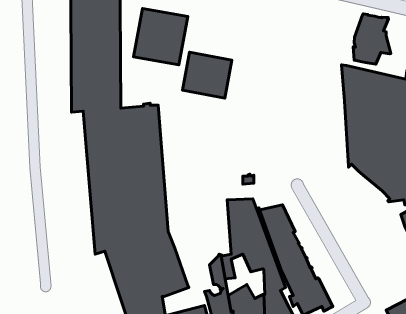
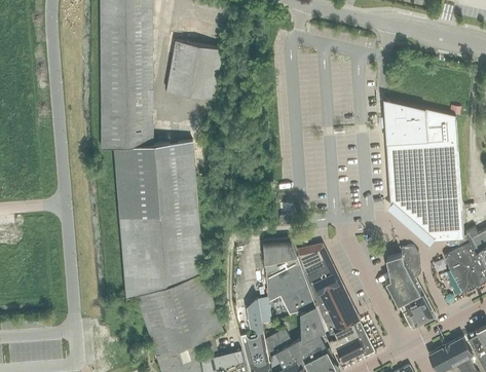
building: [353,14,391,64] -> none
building: [183,52,232,98] -> none
building: none -> [386,247,434,328]

